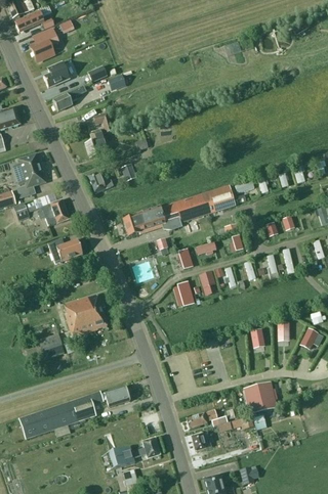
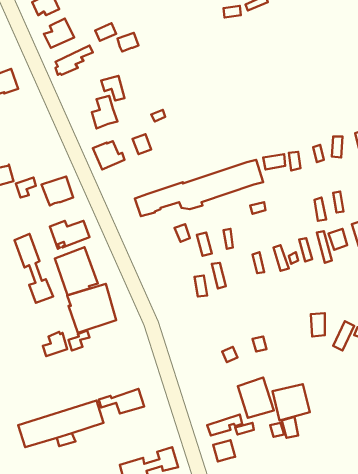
building: [11,151,45,197] -> none
building: none -> [15,234,53,303]
building: none -> [55,247,98,295]
building: none -> [238,378,274,418]

